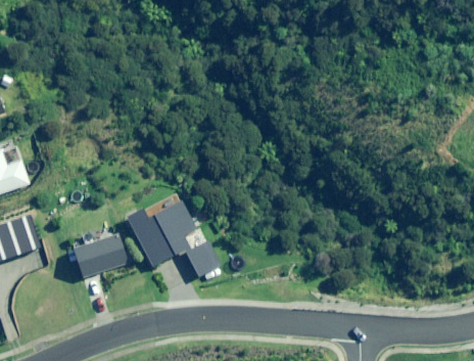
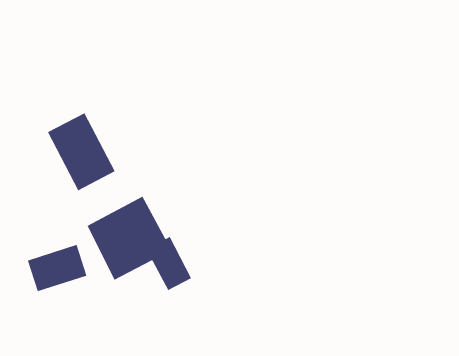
building: none -> [47,112,116,191]

